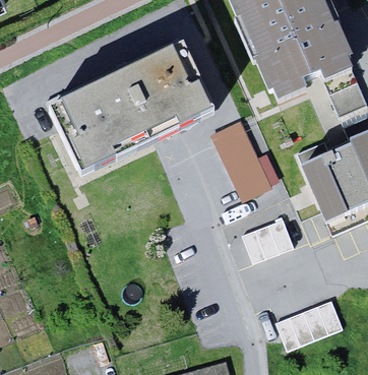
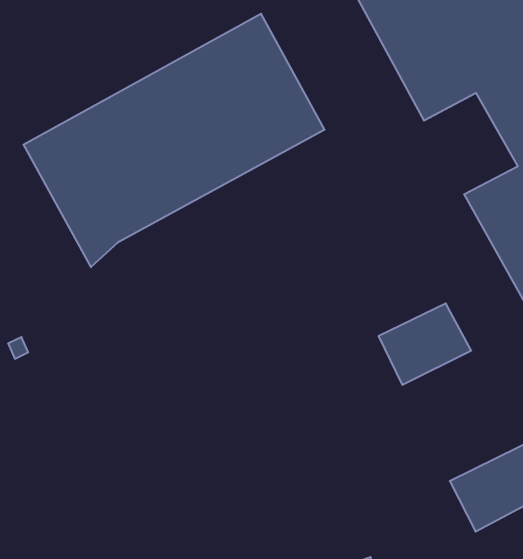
building: [208,118,272,199] -> none

